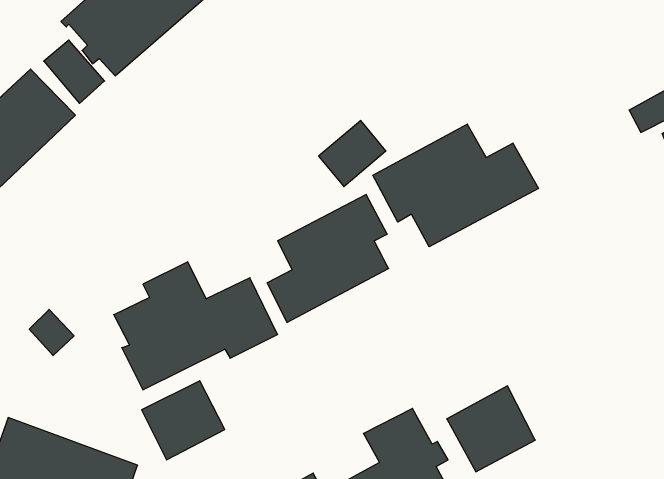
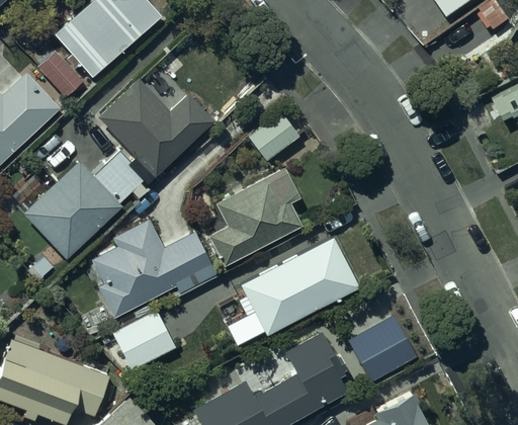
building: none -> [23,77,217,259]
building: [373,124,538,247] -> none
building: none -> [239,236,358,335]

